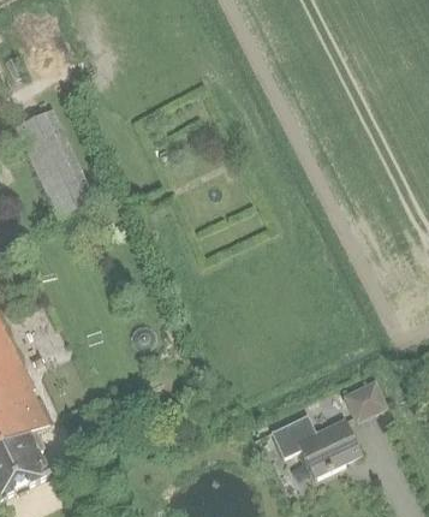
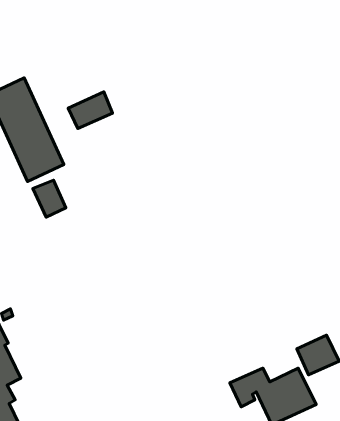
building: none -> [68,92,113,129]
building: none -> [33,180,66,217]

